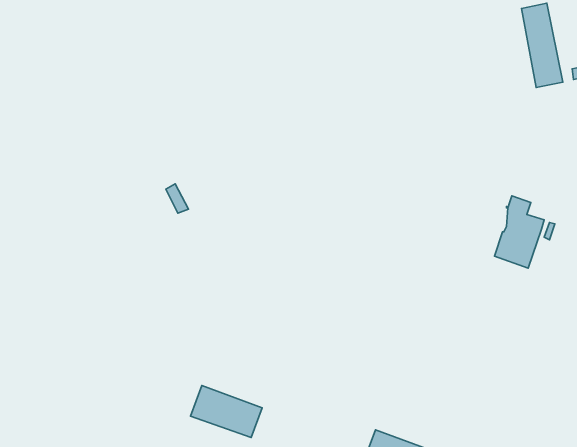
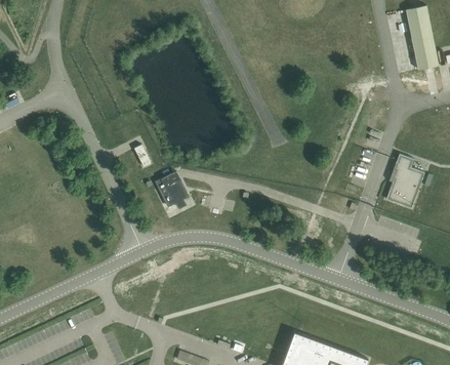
building: none -> [155,172,188,209]
building: [191,385,262,437] -> none

